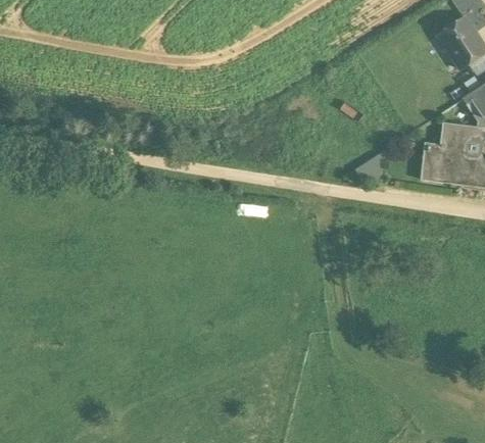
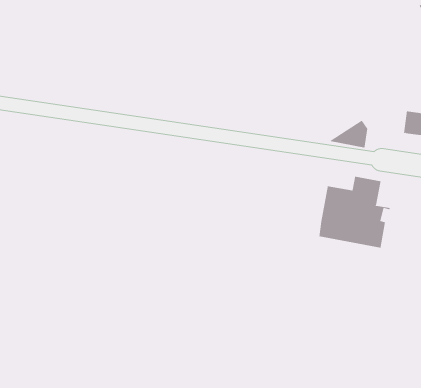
building: none -> [319,176,391,249]

